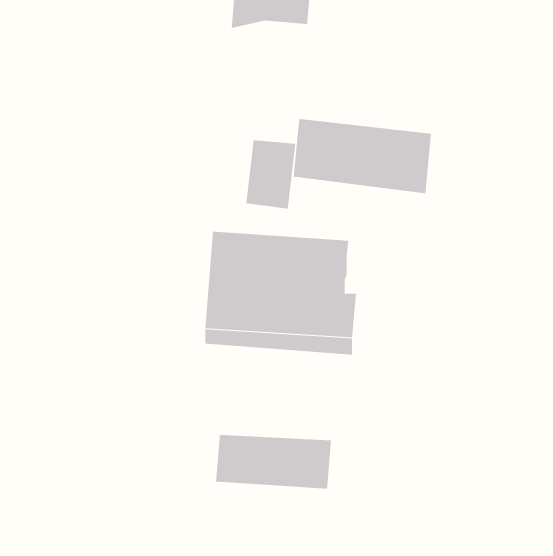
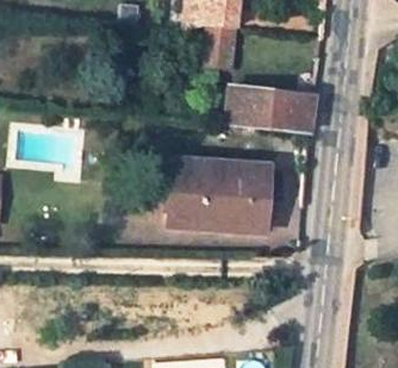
building: [245,140,296,209] -> [203,25,235,69]
building: [216,434,332,489] -> none

